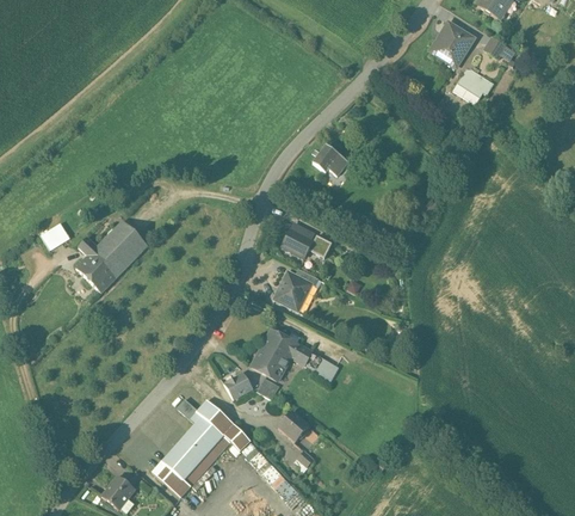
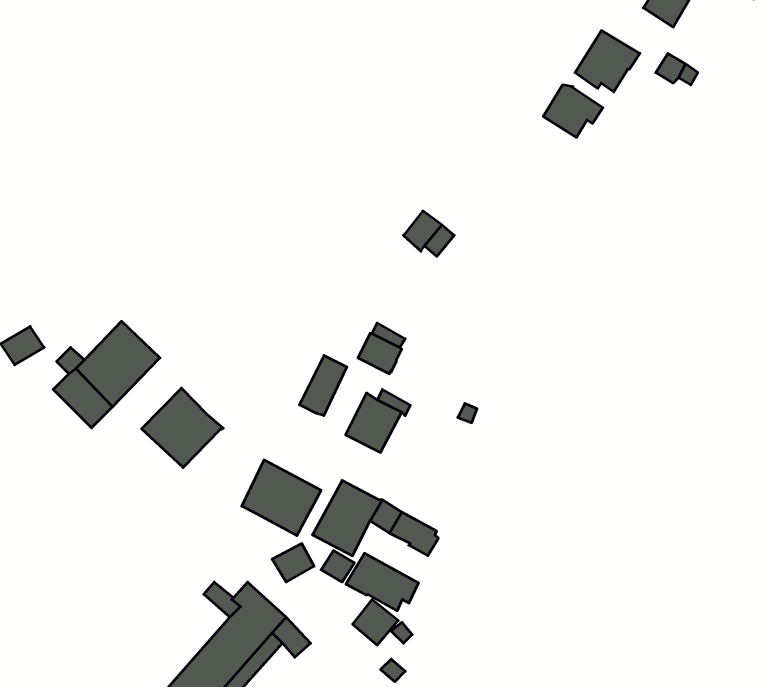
building: [453,67,494,103] -> [543,85,603,137]
building: none -> [299,355,347,416]
building: none -> [142,388,223,468]
building: none -> [242,460,321,536]
building: none -> [346,553,418,611]

